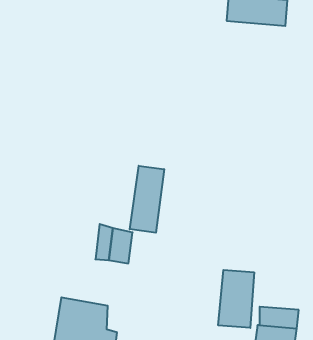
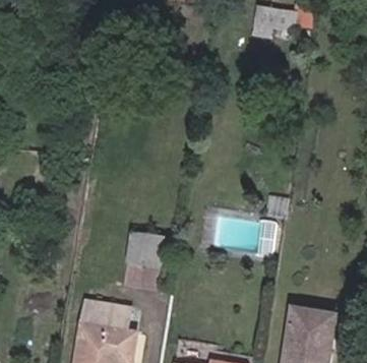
building: [130,166,164,233] -> none
building: [218,270,254,328] -> none

